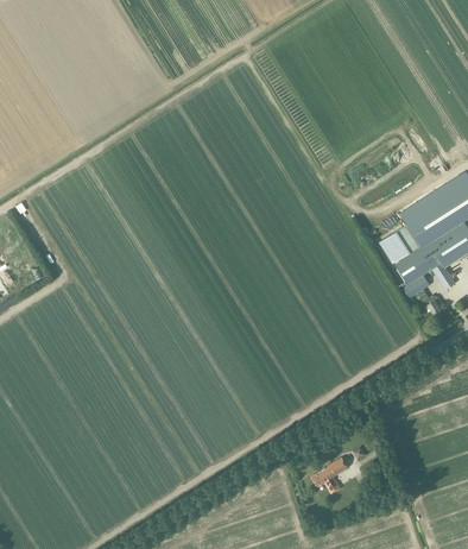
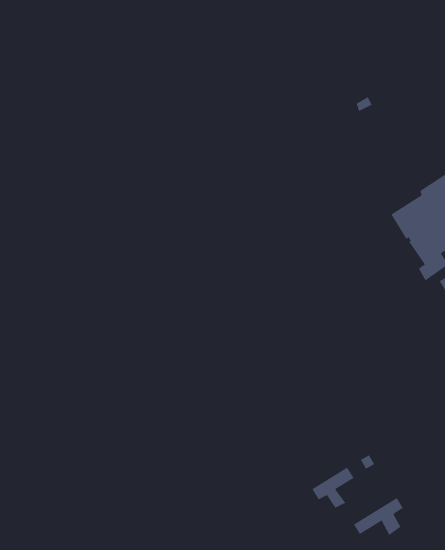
building: none -> [353,497,403,536]

